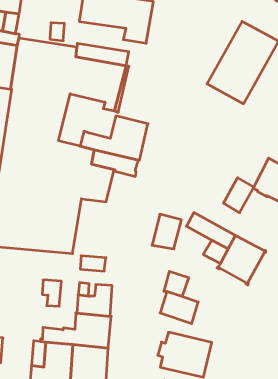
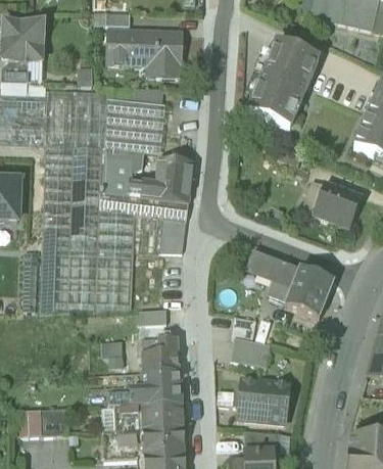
building: none -> [101,140,145,194]
building: [224,178,254,213] -> none
building: [152,214,181,249] -> [159,216,187,250]

